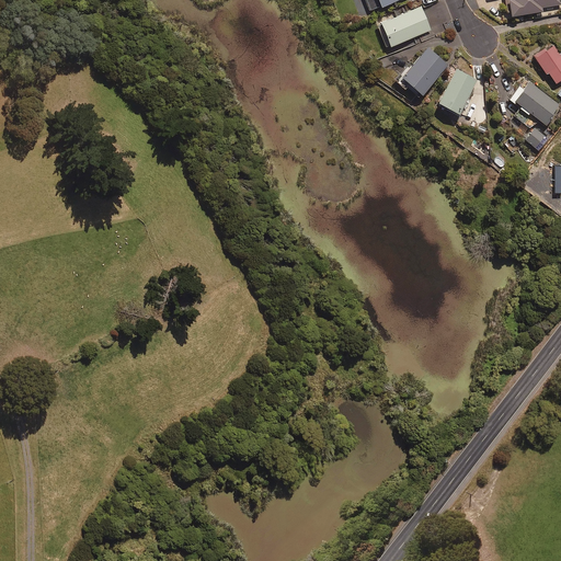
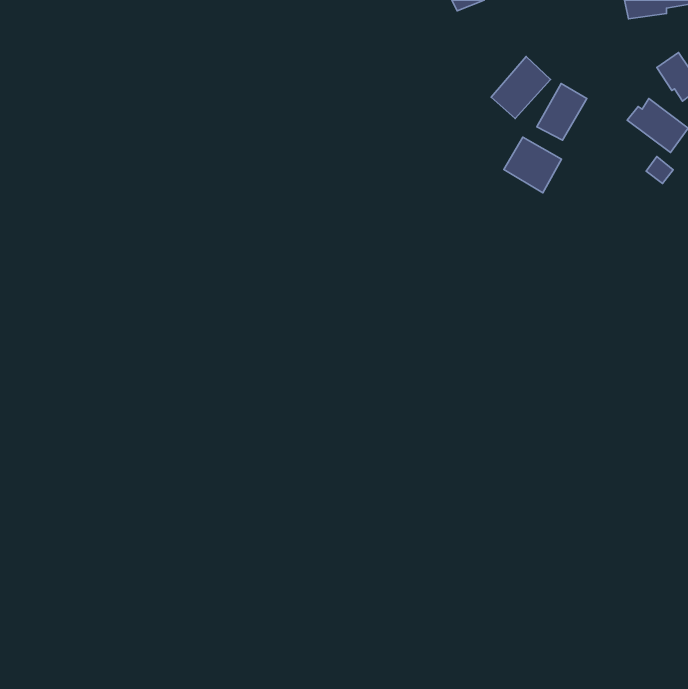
building: [380,7,431,46] -> none
building: none -> [504,137,561,193]

